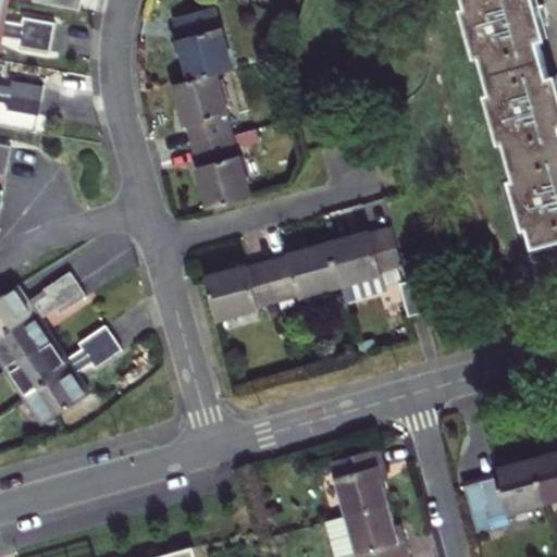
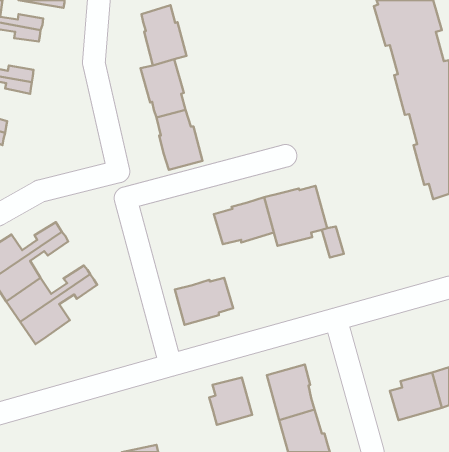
building: [202,263,274,321] -> [175,278,233,325]
building: none -> [209,377,252,425]

